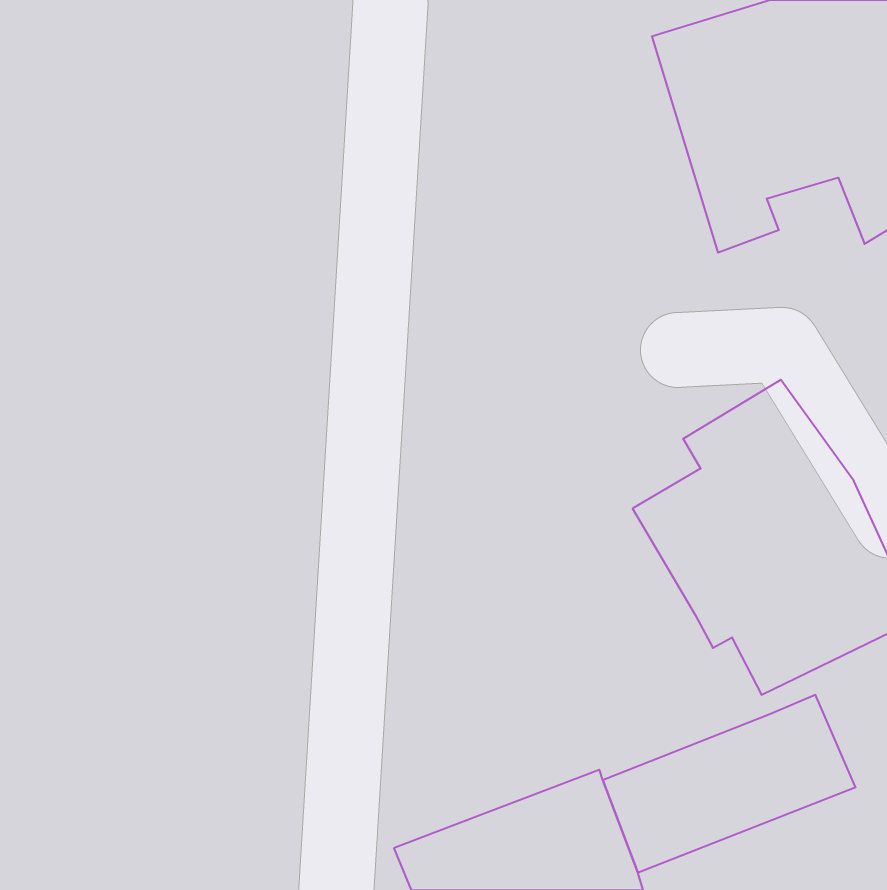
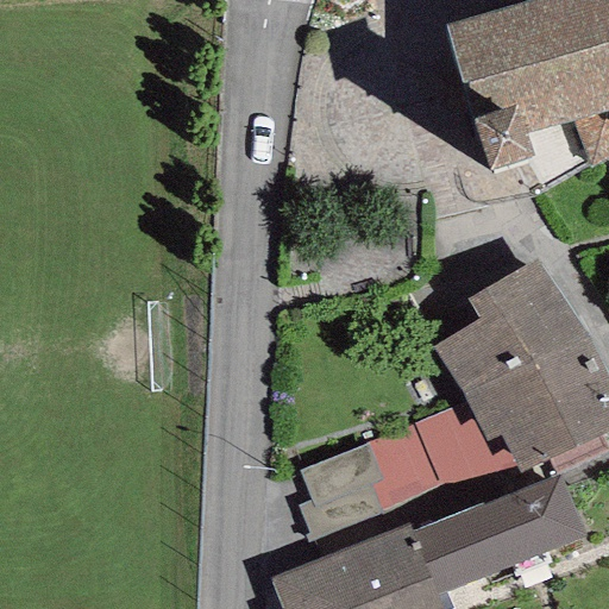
building: none -> [299,409,528,560]

